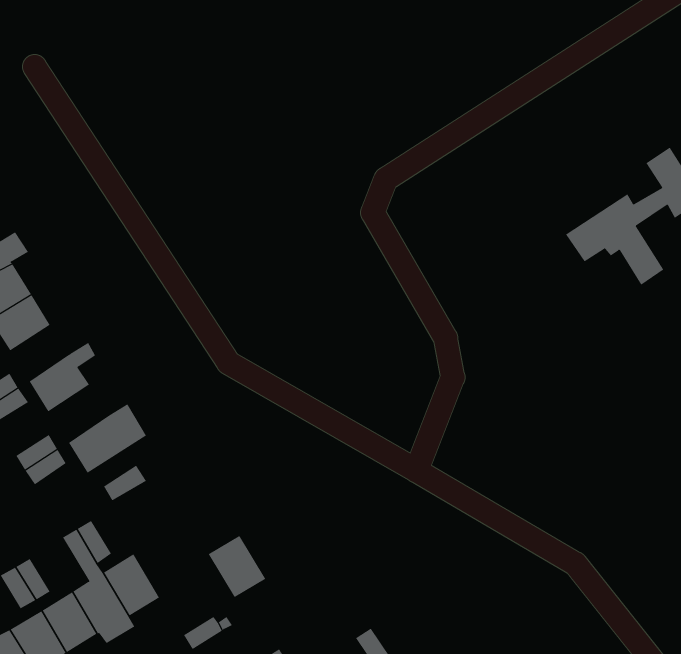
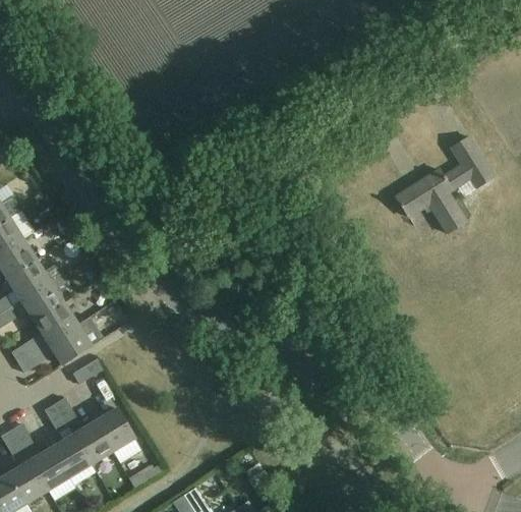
building: none -> [7,261,62,300]
building: none -> [34,302,76,343]
building: [208,535,266,598] -> [94,407,134,451]

